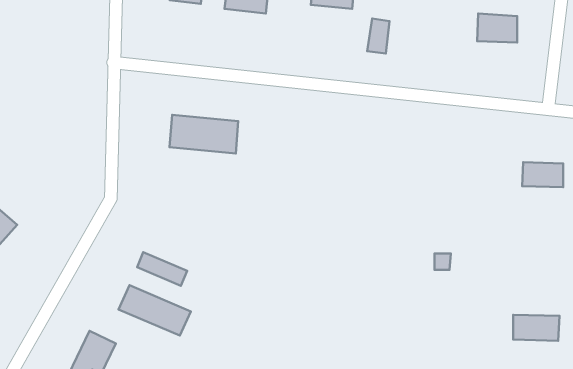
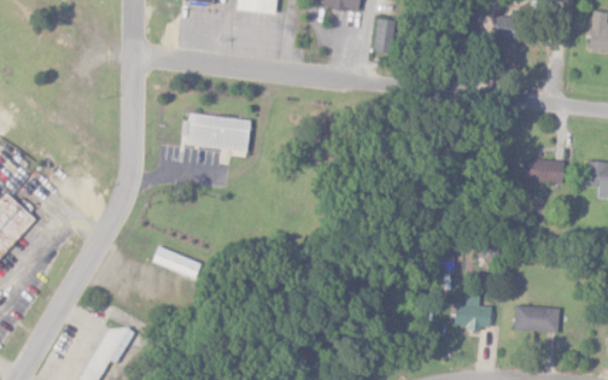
building: [119,285,191,336] -> none
building: none -> [455,292,491,328]

